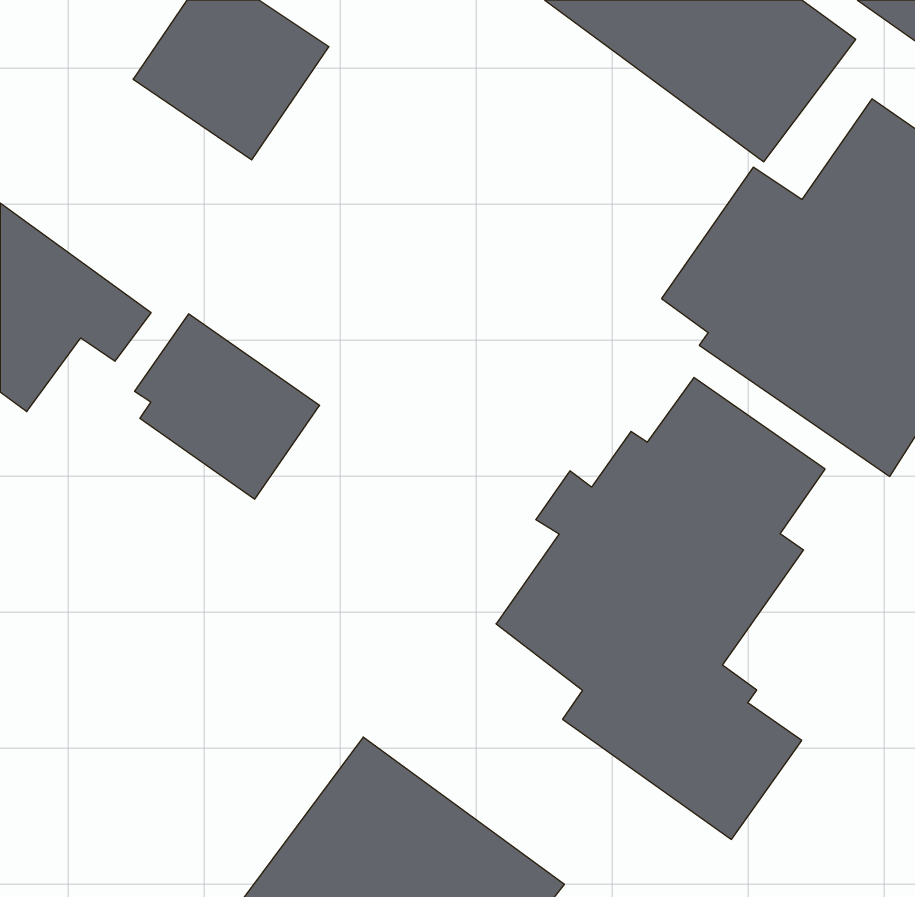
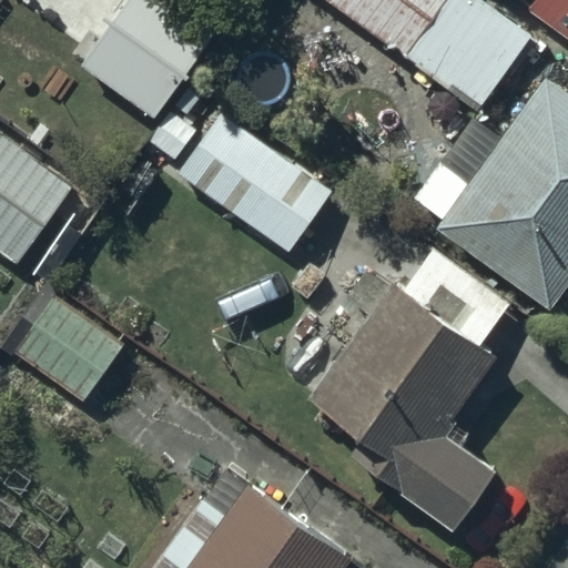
building: none -> [175,112,332,256]
building: [135,314,320,499] -> [10,290,124,404]

